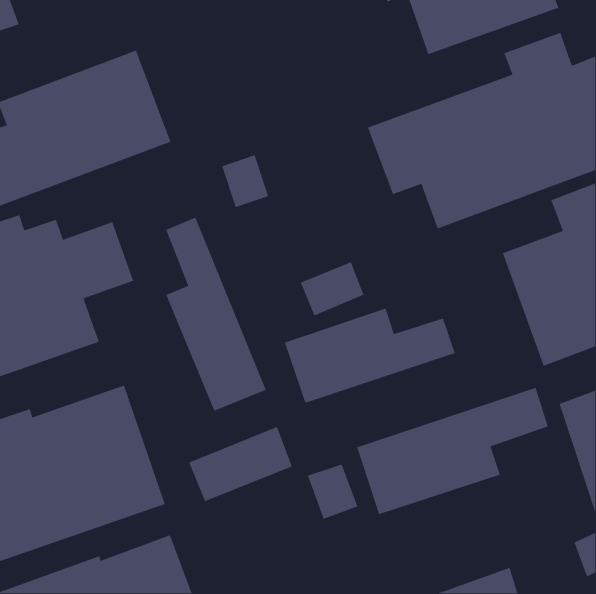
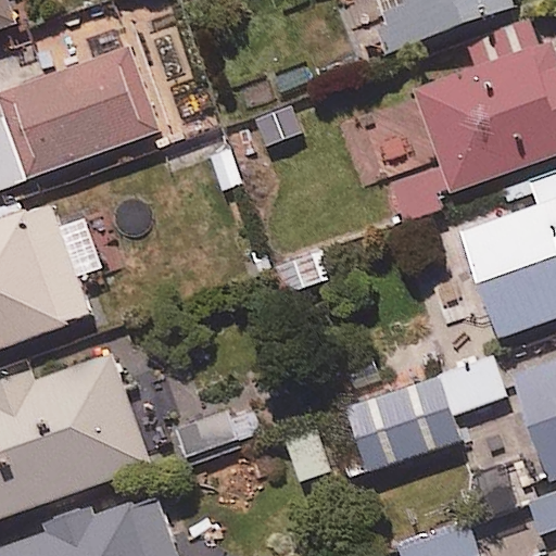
building: [165,217,267,412] -> none
building: [284,307,456,404] -> none

